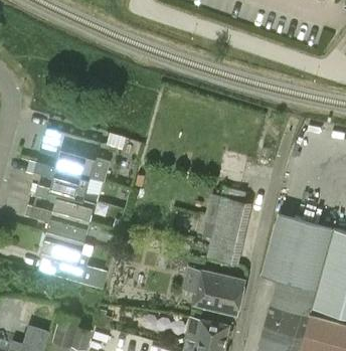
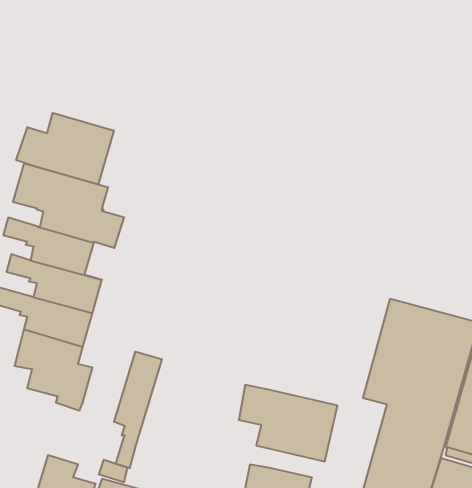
building: none -> [16,113,114,184]
building: [207,196,253,265] -> none
building: none -> [114,352,162,468]

